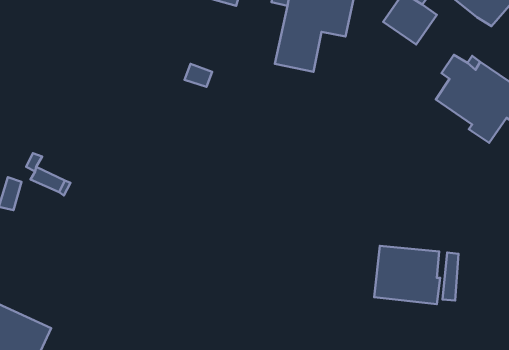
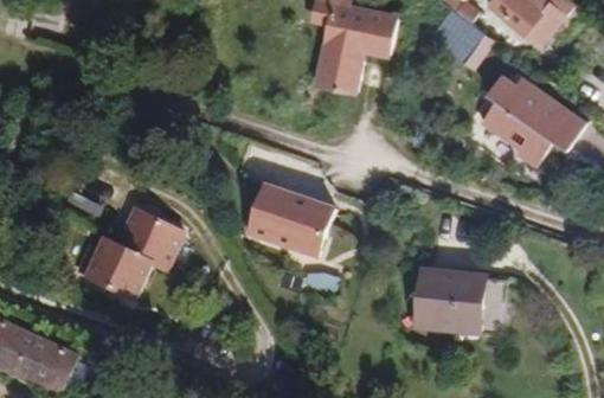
building: none -> [249,185,335,256]
building: none -> [86,210,186,300]

